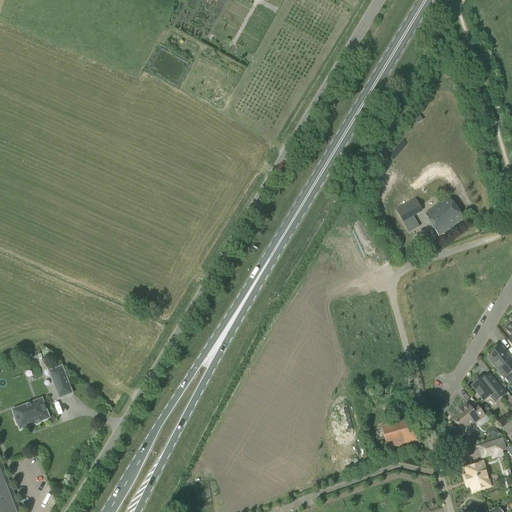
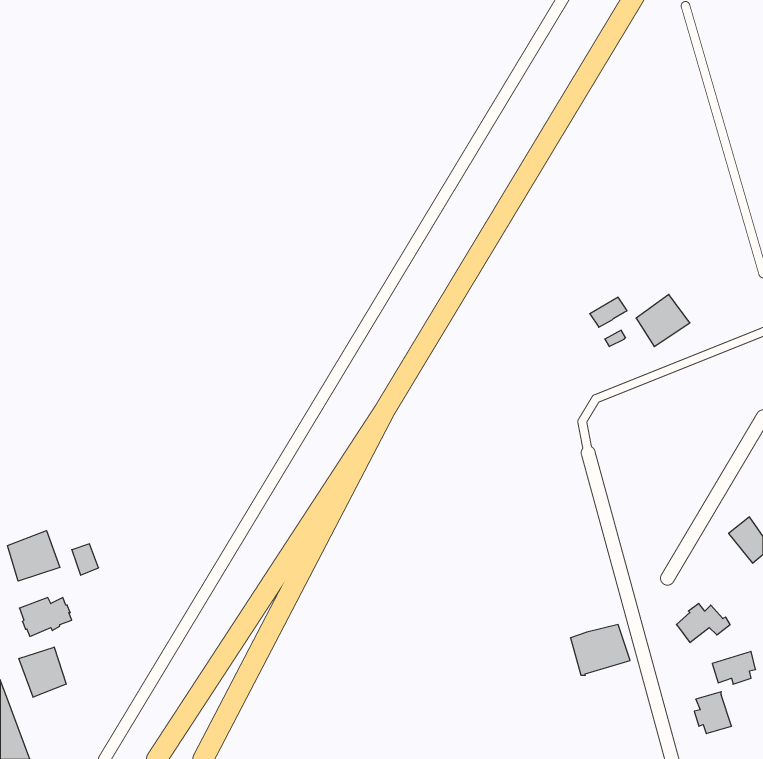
building: none -> [7,531,60,581]
building: [472,376,503,401] -> none
building: none -> [19,647,66,697]

